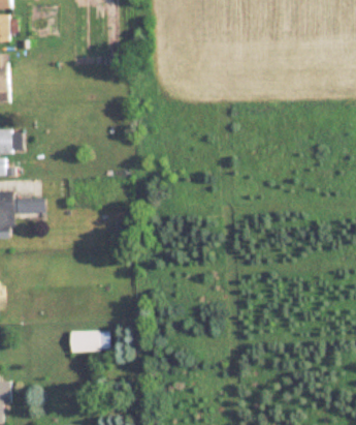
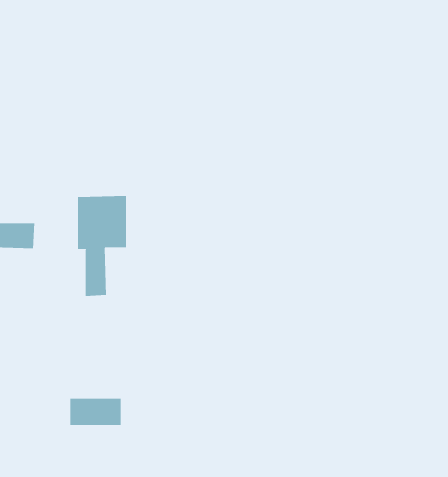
building: none -> [77,195,126,297]

